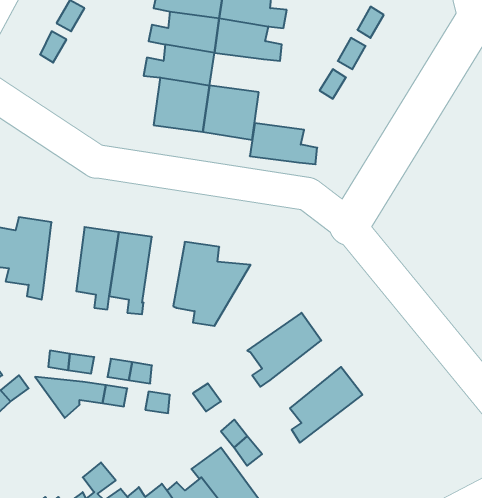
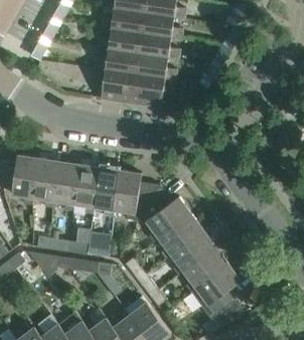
building: [250,123,317,164] -> [136,54,177,79]
building: none -> [34,158,59,208]
building: none -> [95,167,121,216]
building: none -> [139,184,192,241]
building: none -> [173,230,216,276]
building: none -> [191,264,242,319]

